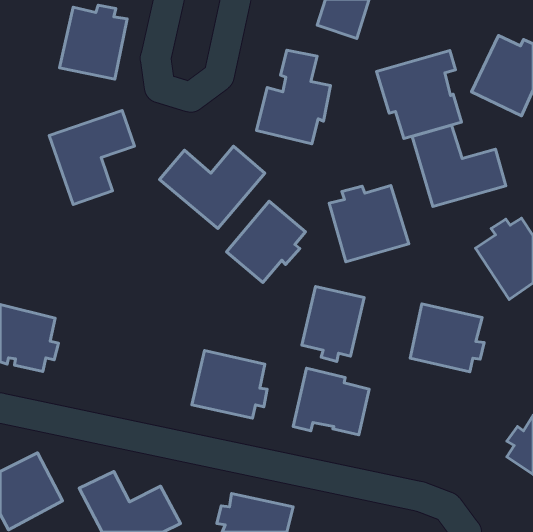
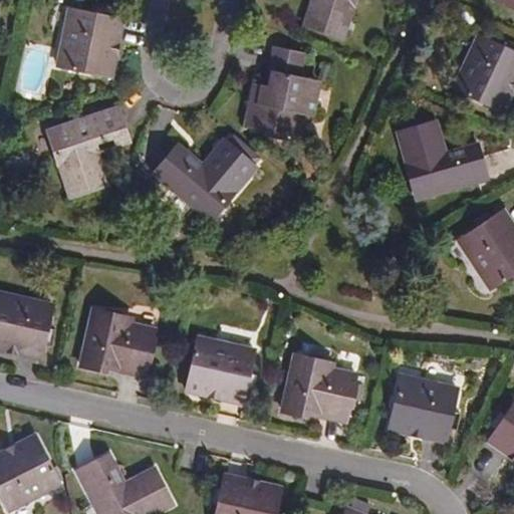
building: [377,50,461,138] -> none
building: [329,185,409,262] -> none
building: [227,201,305,282] -> none
building: [302,286,364,361] -> none
building: [410,304,484,372] -> [389,375,460,441]
building: none -> [81,309,155,373]

